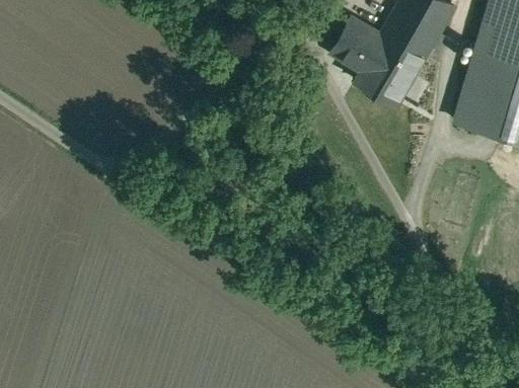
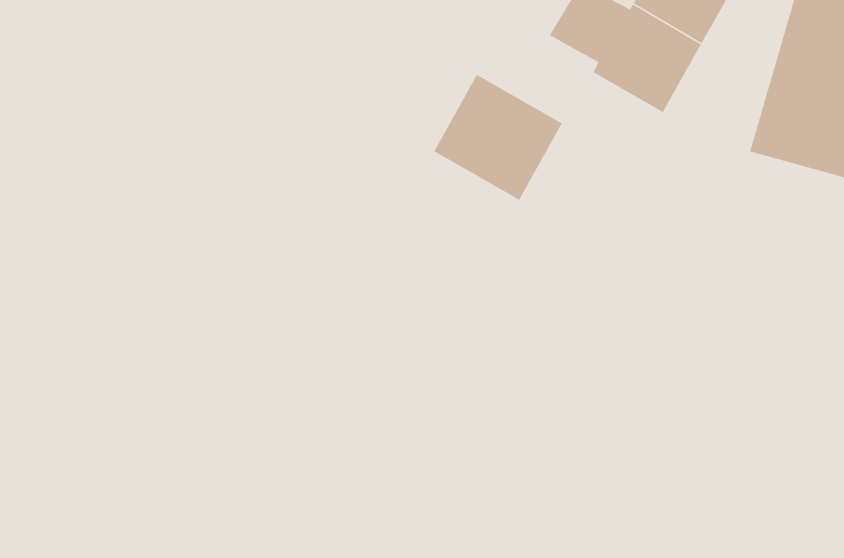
building: none -> [433,74,563,201]

